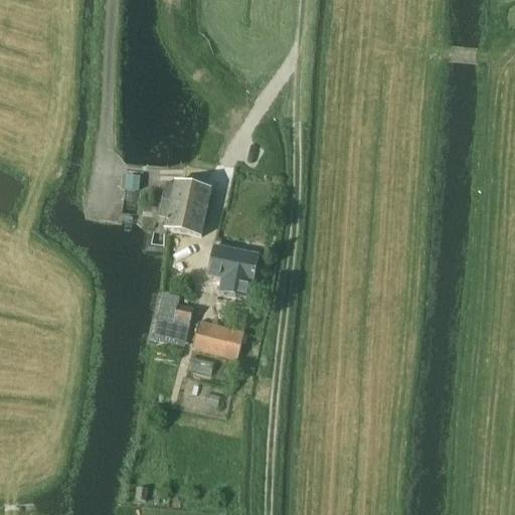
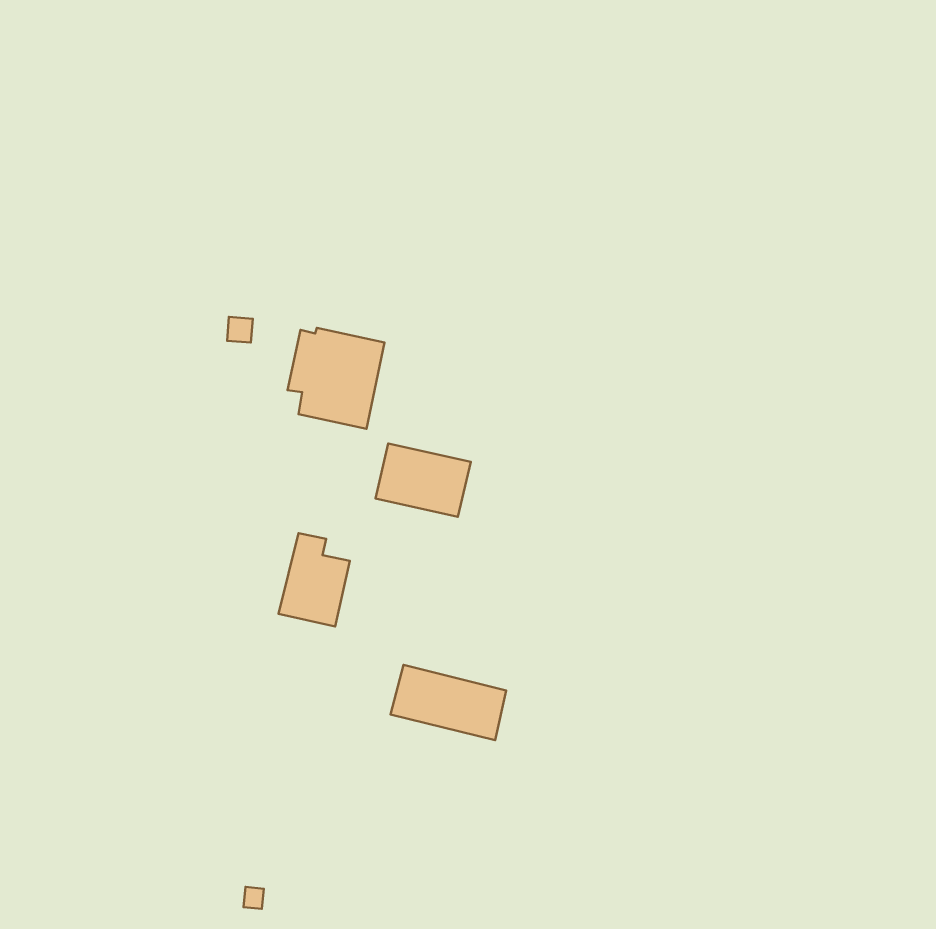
building: [191,320,254,361] -> [391,665,506,740]

